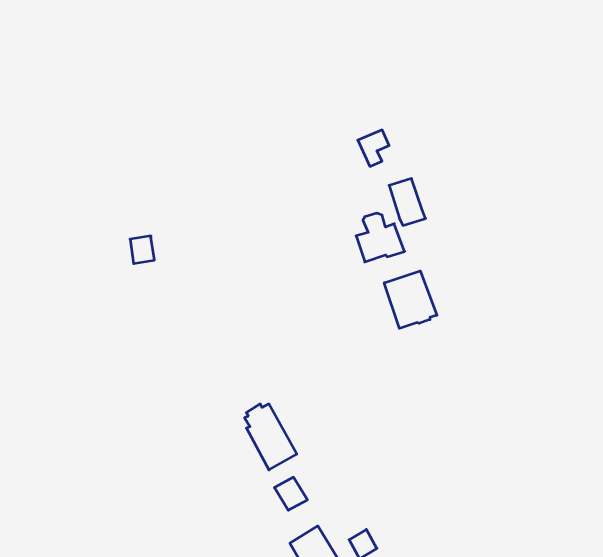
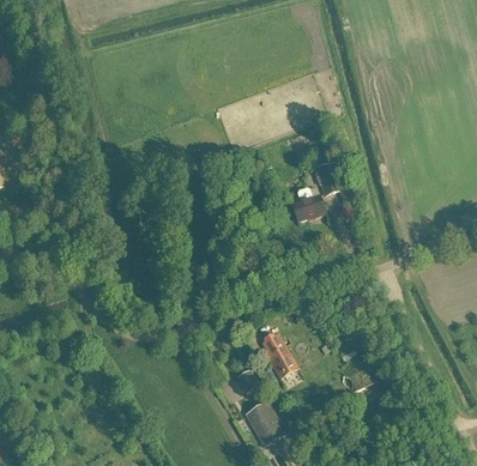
building: [384,271,437,328] -> none
building: [245,404,297,470] -> [264,333,300,379]

